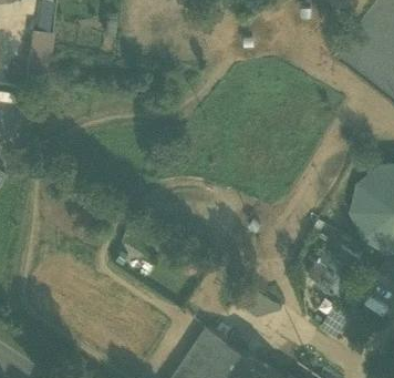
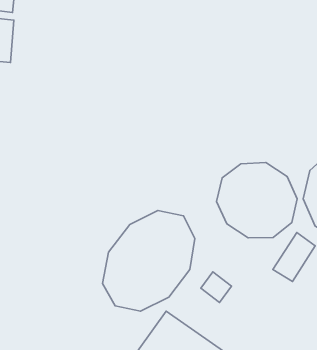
building: none -> [217,162,297,238]
building: none -> [103,210,195,311]

